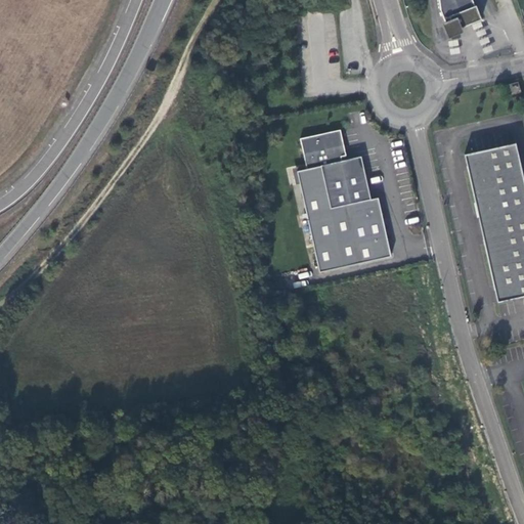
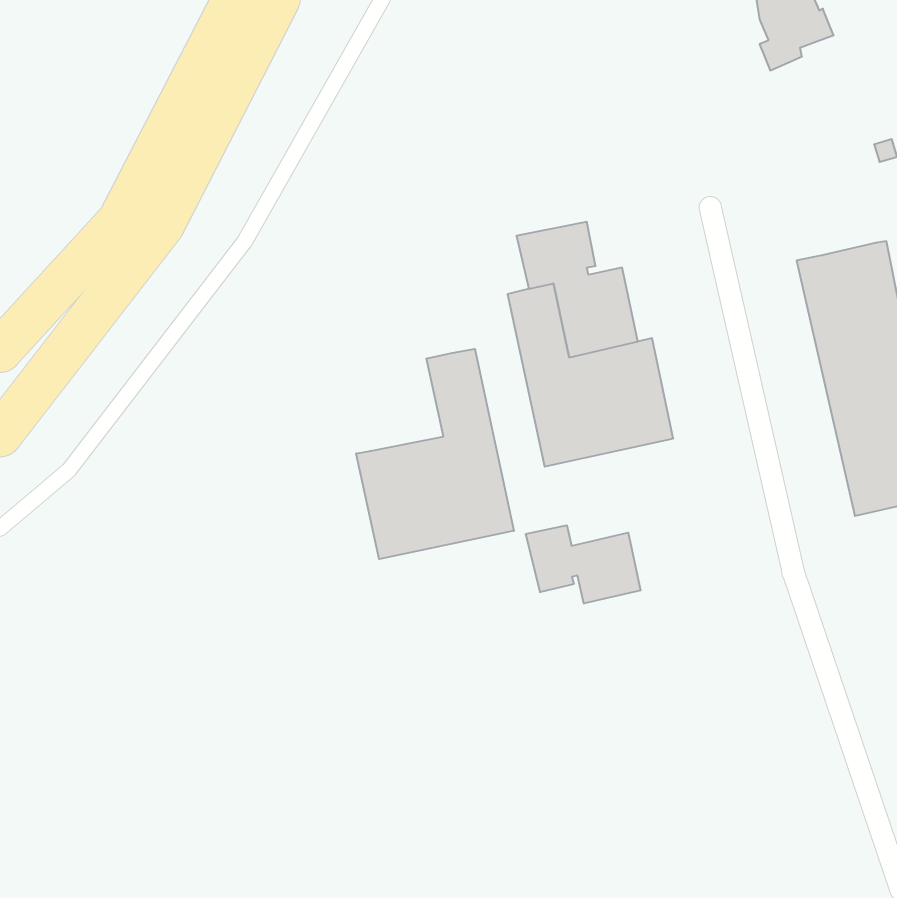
building: none -> [356,349,514,559]
building: none -> [526,525,641,604]

